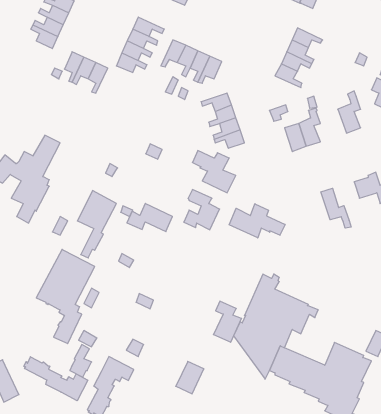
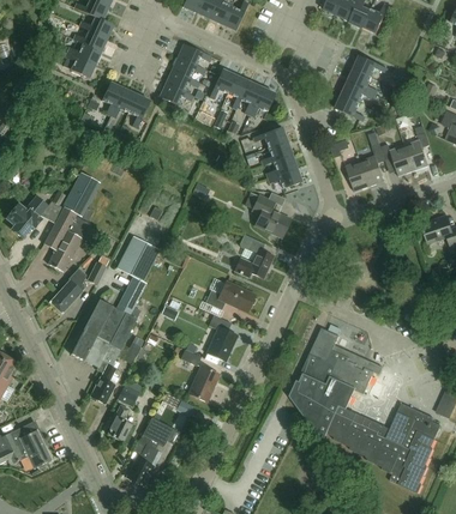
building: none -> [380,144,414,176]
building: [321,188,351,228] -> none
building: [127,203,172,232] -> [205,280,256,312]
building: [229,204,285,238] -> none
building: none -> [49,268,86,313]
building: [213,301,242,342] -> [206,315,238,361]
building: [24,357,88,401] -> none
building: [176,361,204,394] -> [188,365,220,401]

